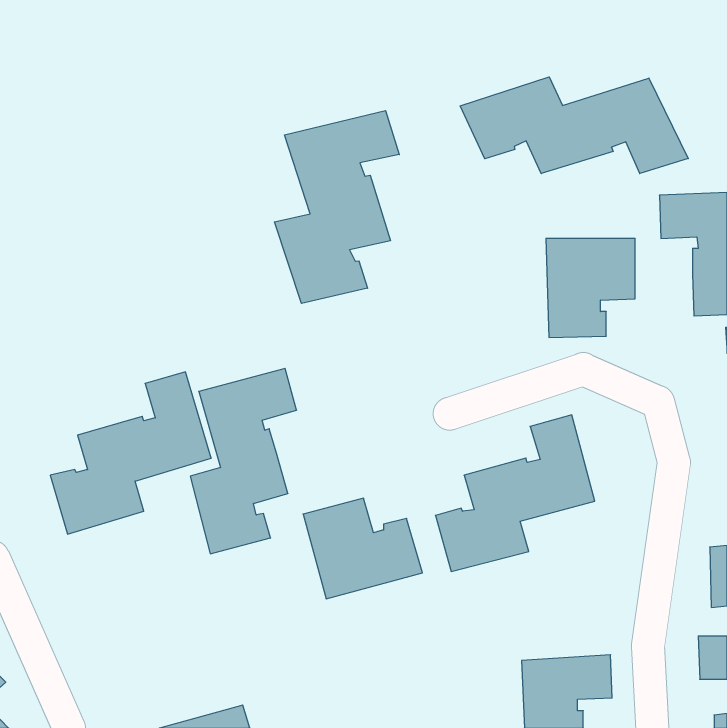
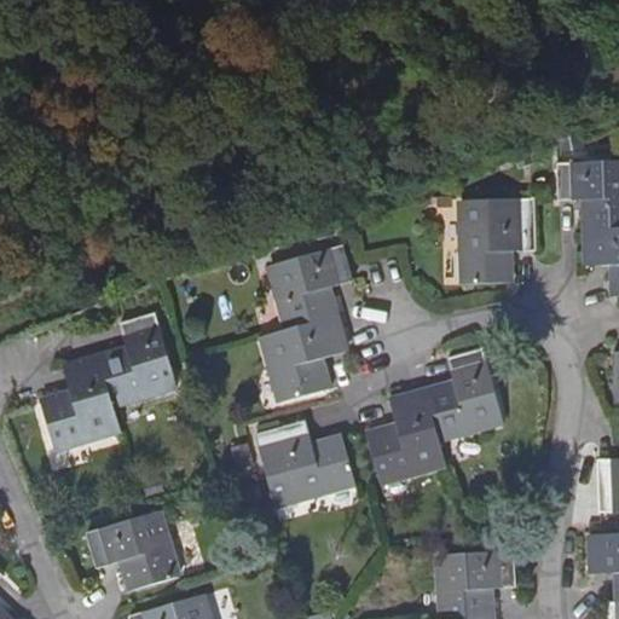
building: [460,77,688,174] -> none
building: [274,111,399,303] -> none
building: [190,368,297,554] -> [264,245,353,401]
building: none -> [87,510,181,589]

